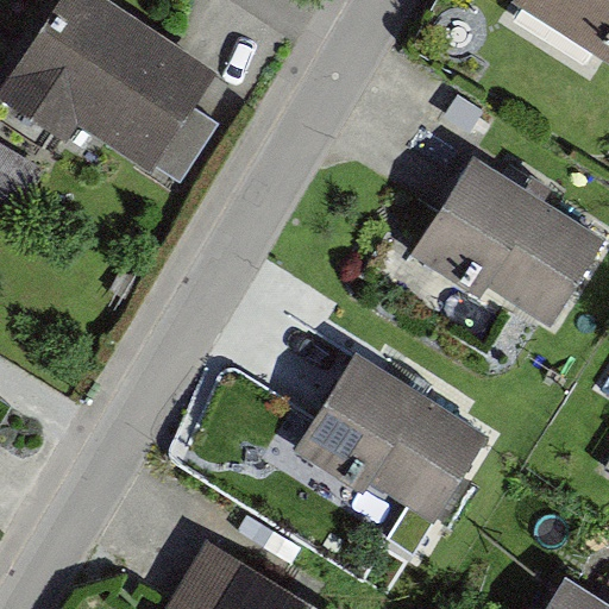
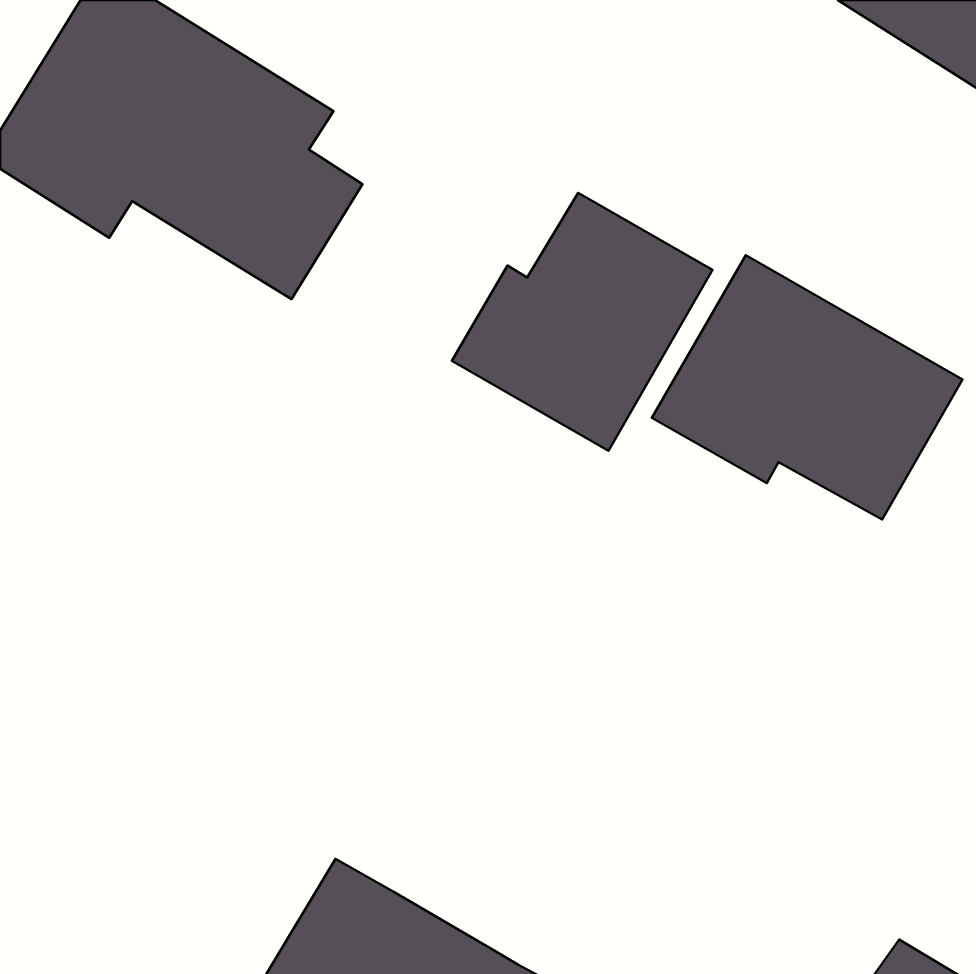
building: none -> [452,193,712,451]
building: [295,345,494,516] -> none

